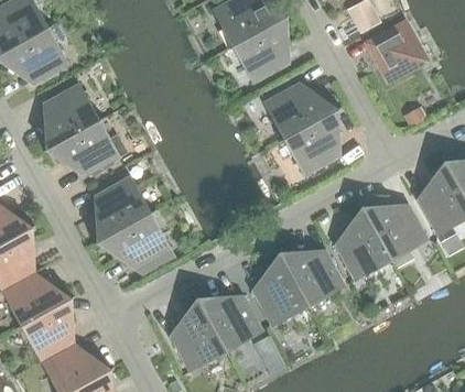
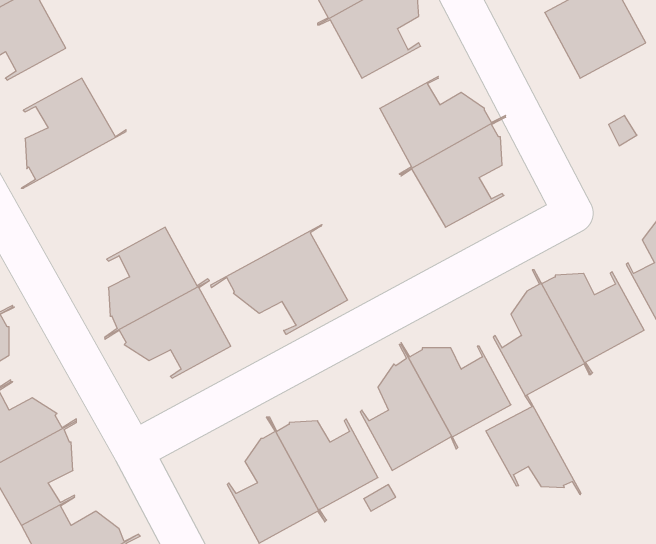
building: [42,117,119,177] -> none
building: none -> [211,225,348,334]
building: none -> [486,396,581,495]

